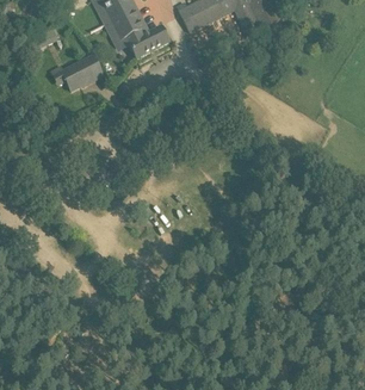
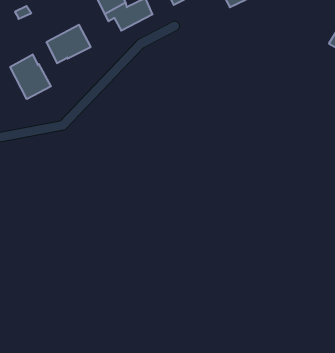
building: none -> [10,54,51,99]

